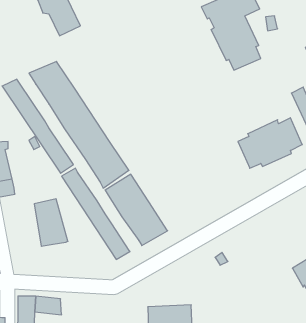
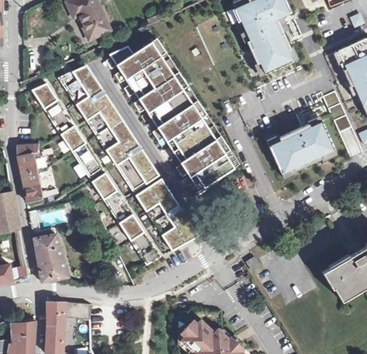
building: none -> [110,38,239,190]
building: [34,199,68,246] -> [34,233,68,281]

